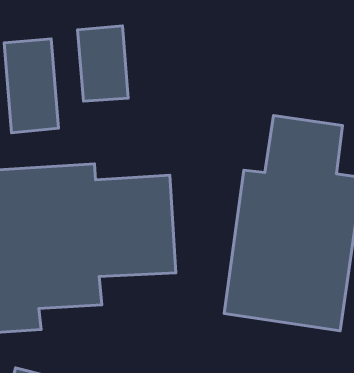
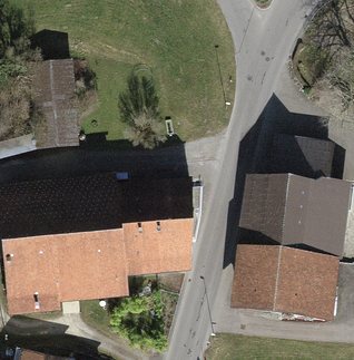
building: [78,26,128,101] -> none

